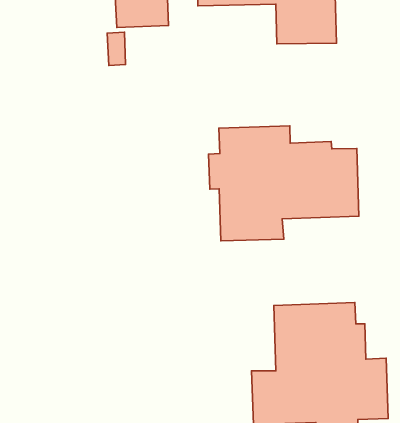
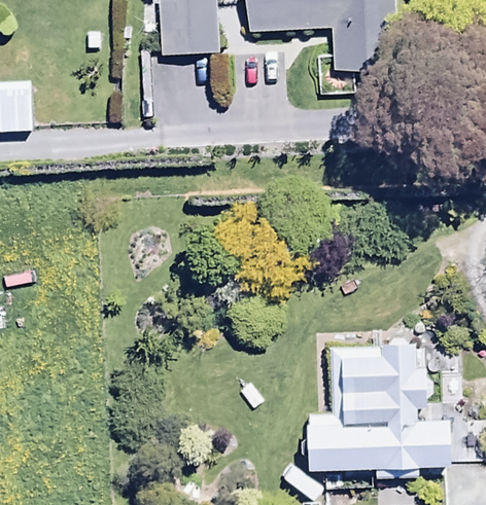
building: [208,126,359,241] -> none

